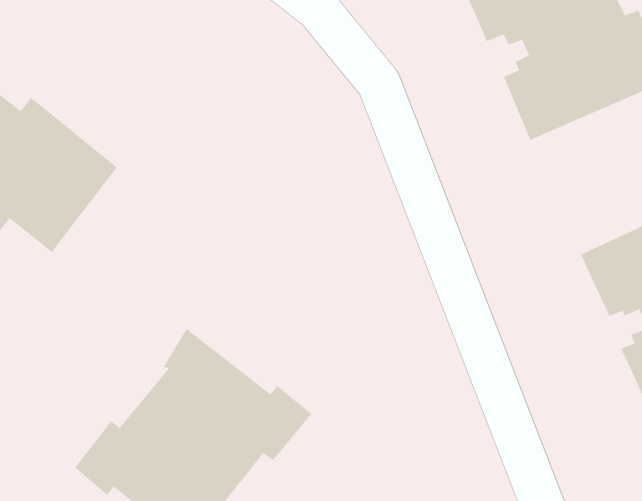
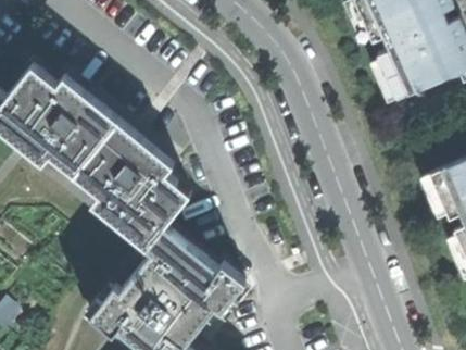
building: none -> [78,124,192,253]

